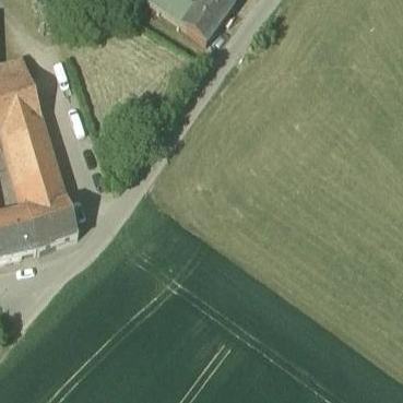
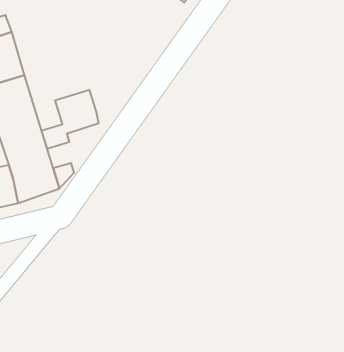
building: none -> [42,90,99,149]

